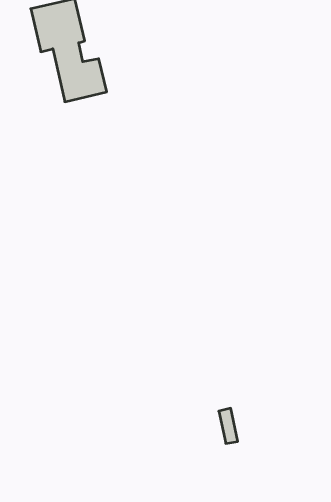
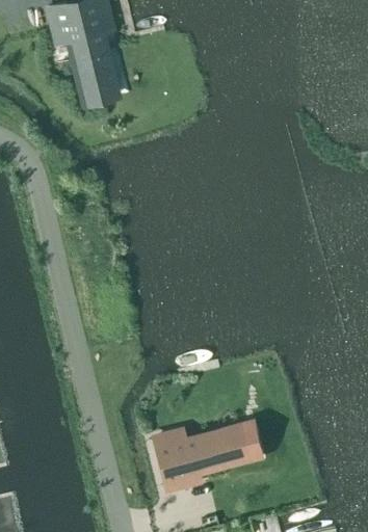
building: none -> [151,424,244,486]

